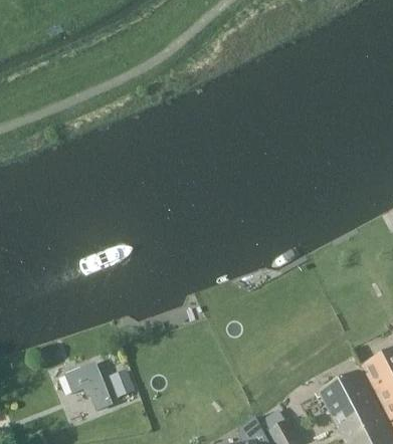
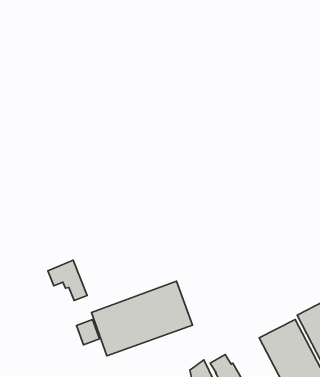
building: none -> [92,281,193,356]
building: [66,363,112,409] -> [48,260,87,301]

